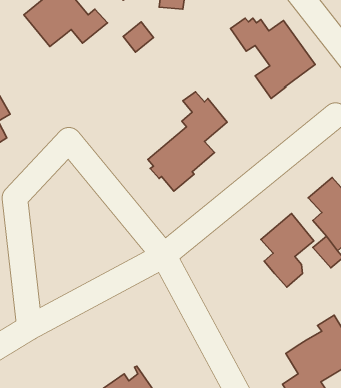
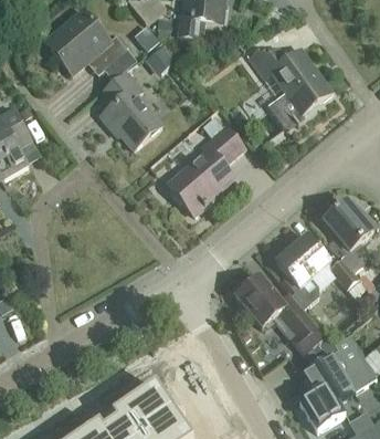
building: none -> [101,69,162,148]
building: none -> [235,276,337,366]

